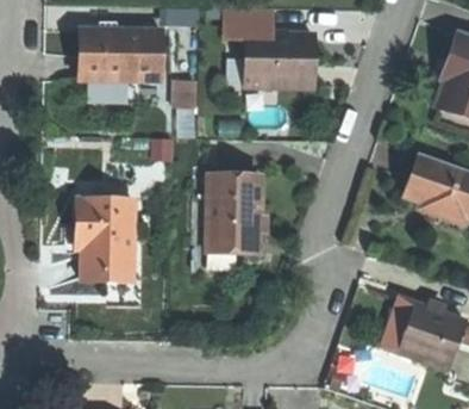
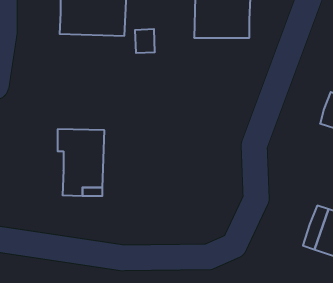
building: [206,176,259,250] -> none

